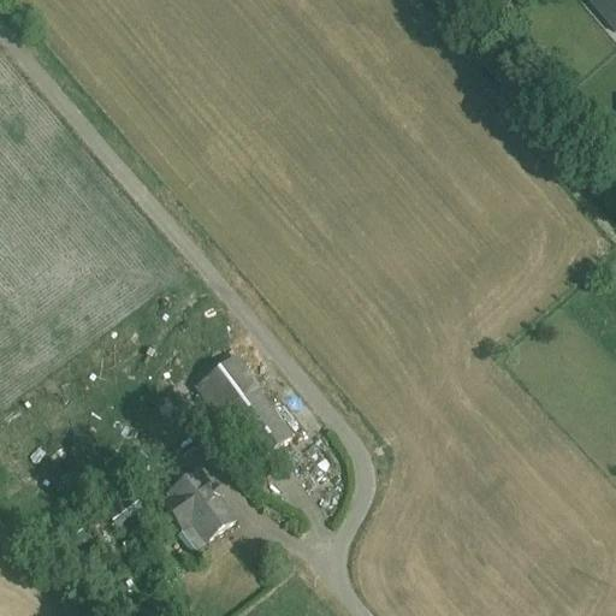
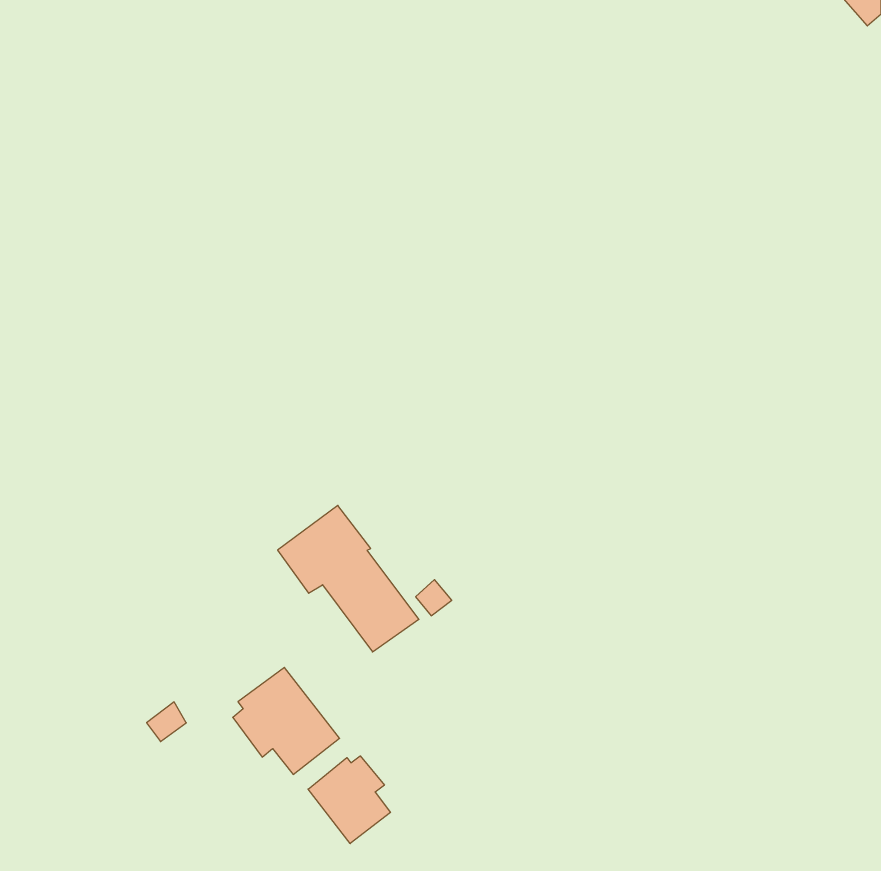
building: none -> [308,756,390,844]

